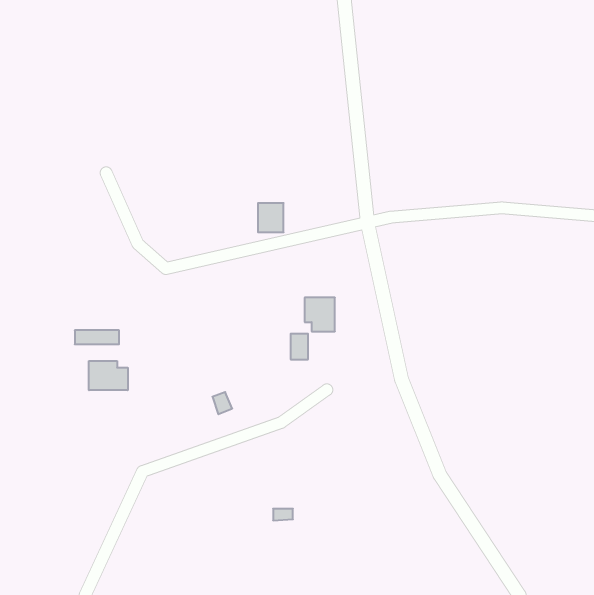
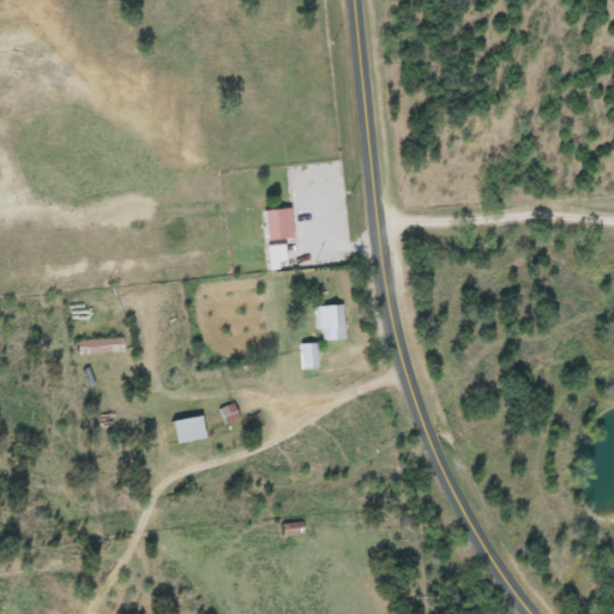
building: [89,361,128,390] -> none
building: none -> [174,416,206,443]

